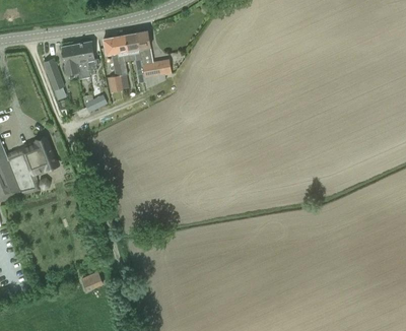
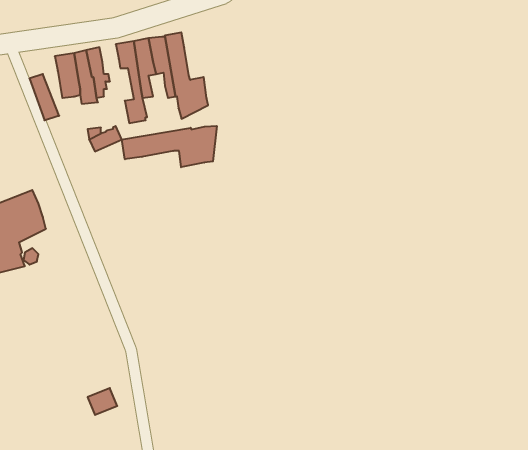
building: none -> [122,126,217,167]

